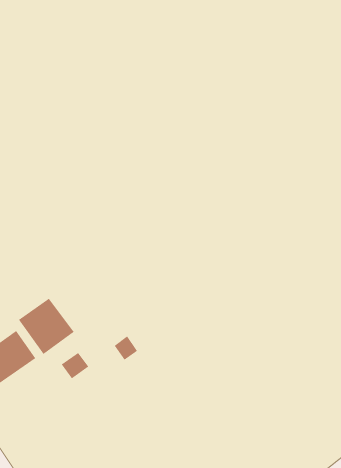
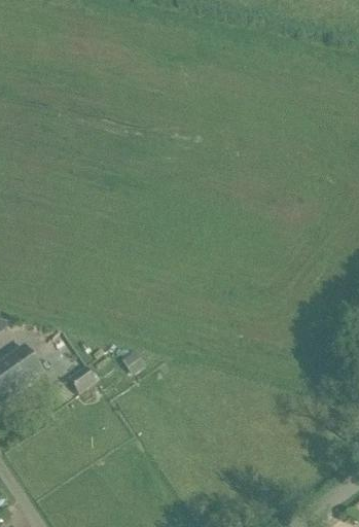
building: [18,298,74,355] -> none

